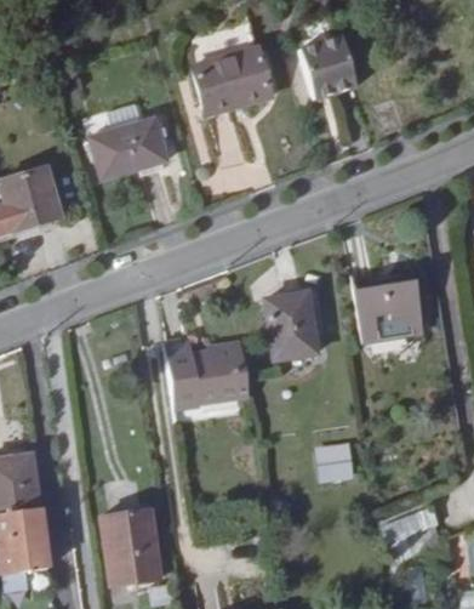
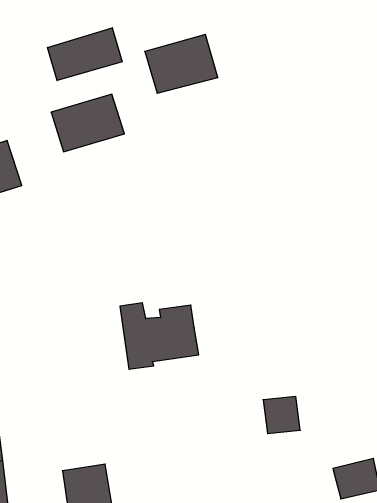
building: [302,41,358,103] -> none
building: none -> [48,28,122,81]
building: [354,273,424,341] -> none
building: [268,295,319,363] -> none

